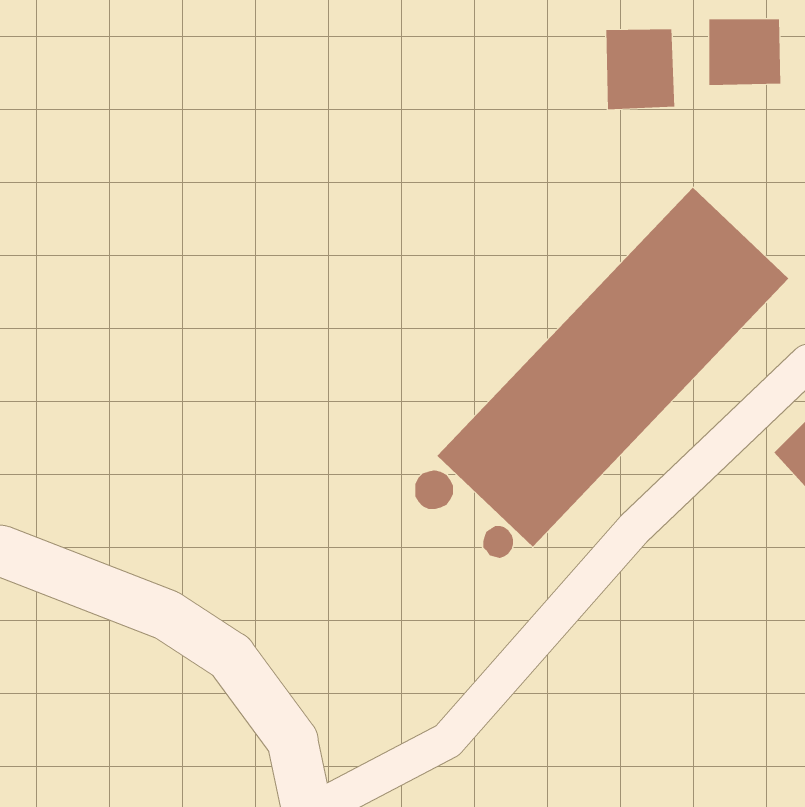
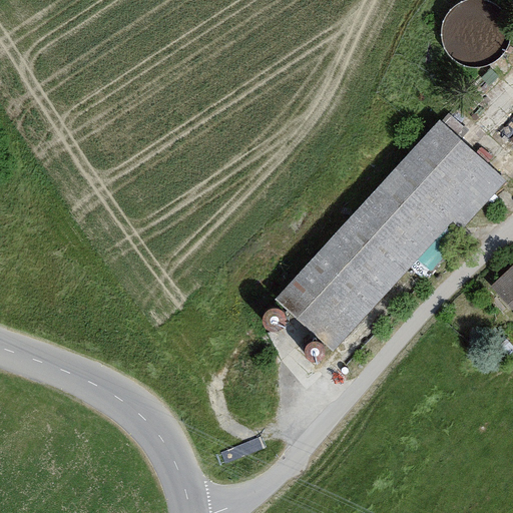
building: [606,28,675,110] -> none

